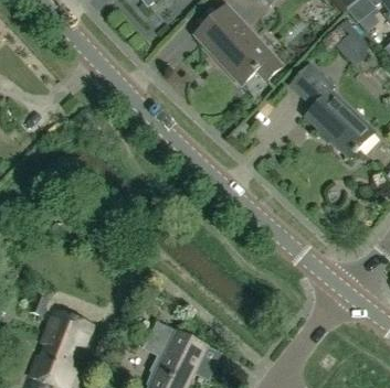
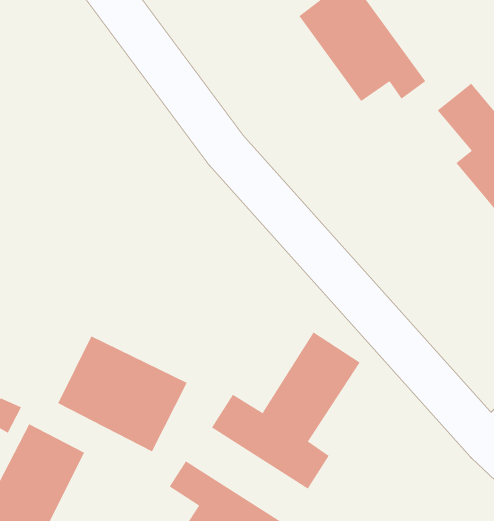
building: none -> [211,331,361,489]
building: none -> [57,336,187,452]

